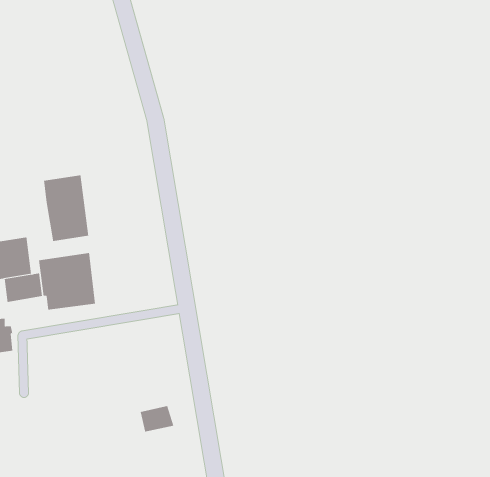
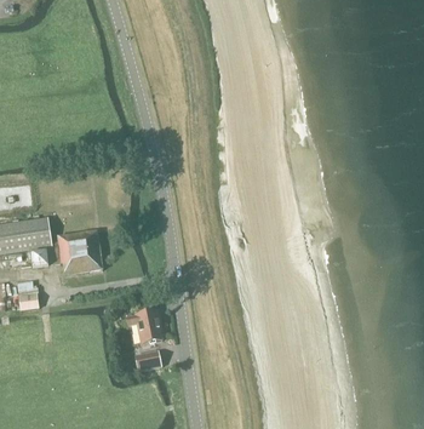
building: [43,174,89,242] -> none
building: none -> [126,311,161,344]

